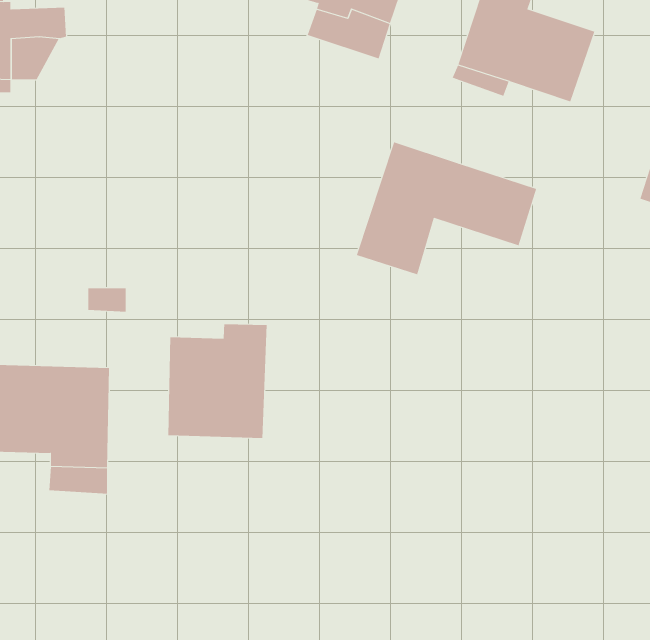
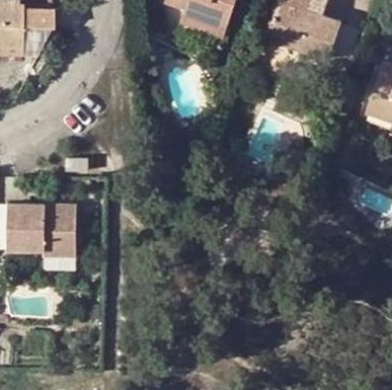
building: [356,141,537,275] -> none
building: [168,323,267,439] -> none

